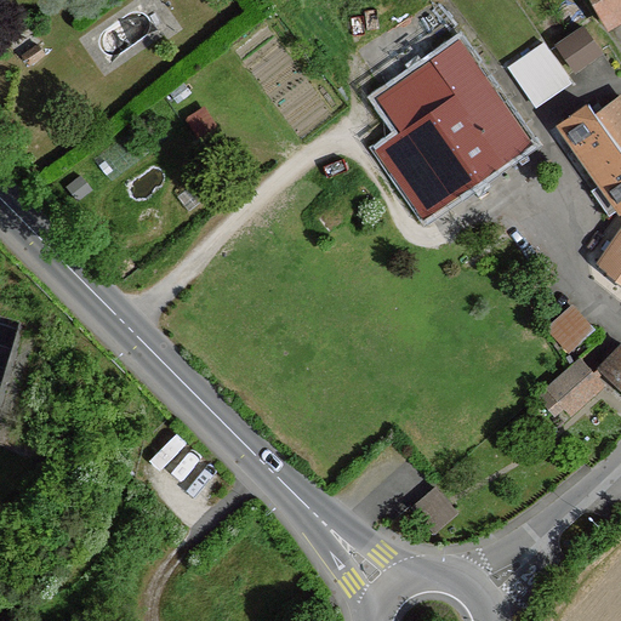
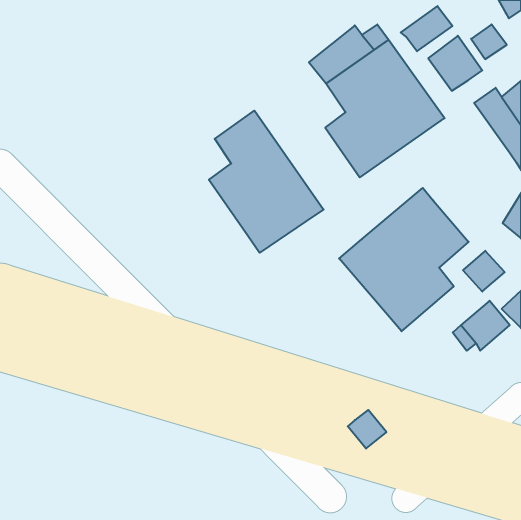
building: none -> [401,6,452,51]
building: none -> [209,111,324,253]
building: none -> [339,188,469,331]

